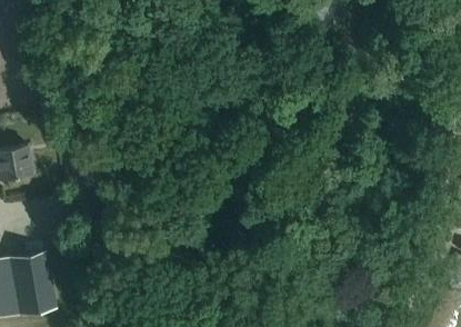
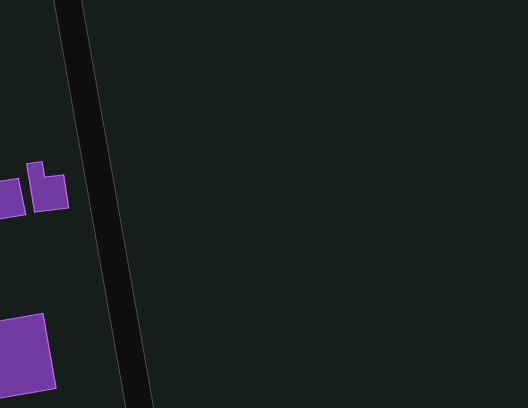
building: none -> [27,162,68,212]

